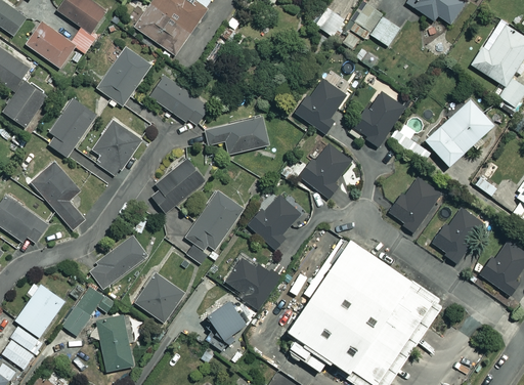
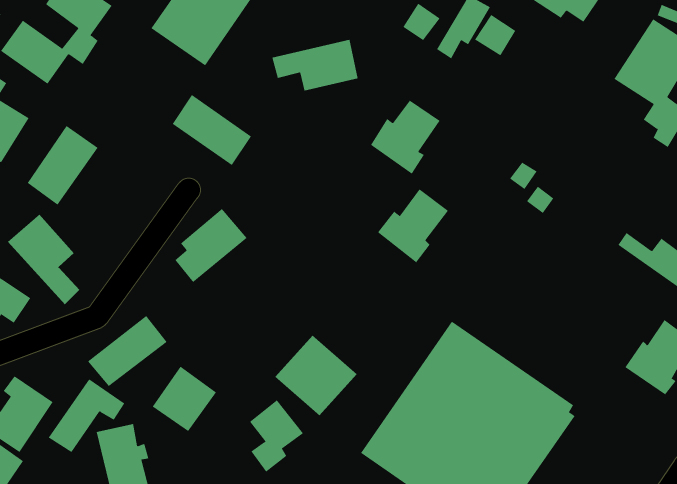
building: [97,46,149,104] -> none
building: [351,91,403,145] -> none
building: [425,98,493,165] -> none
building: [204,116,267,154] -> [271,39,359,91]
building: [93,120,139,175] -> none
building: [388,176,441,229] -> none
building: [185,190,243,263] -> none
building: [245,195,300,251] -> none
building: [432,207,483,262] -> none

